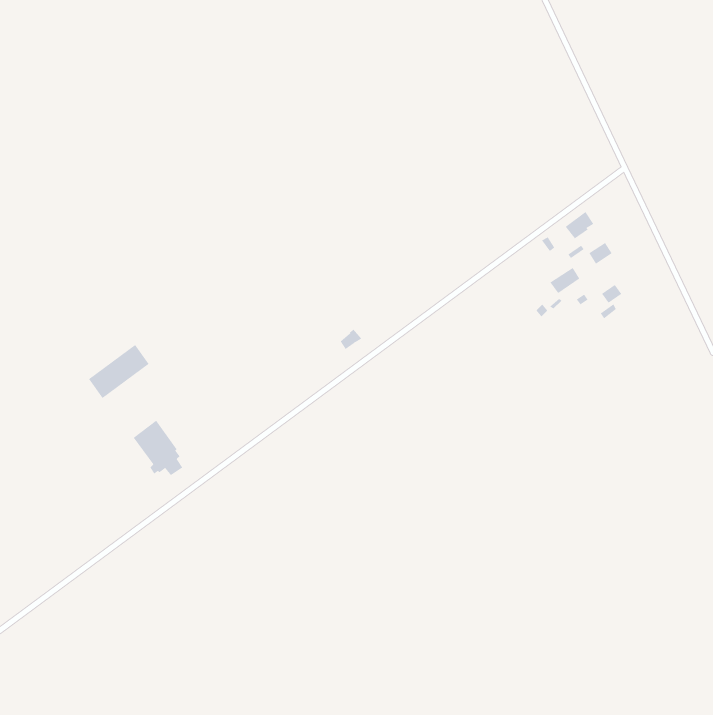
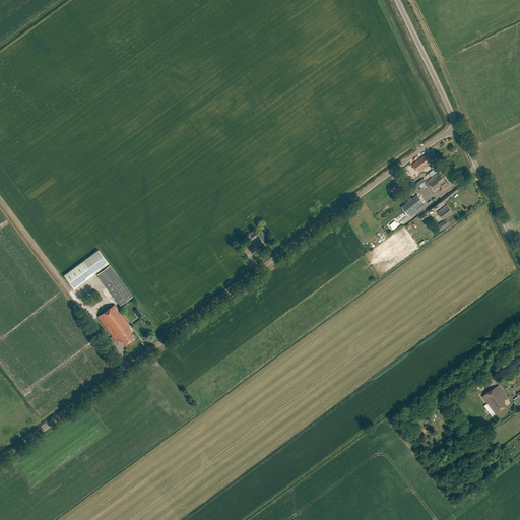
building: none -> [96,266,132,306]
building: none -> [482,386,507,414]

